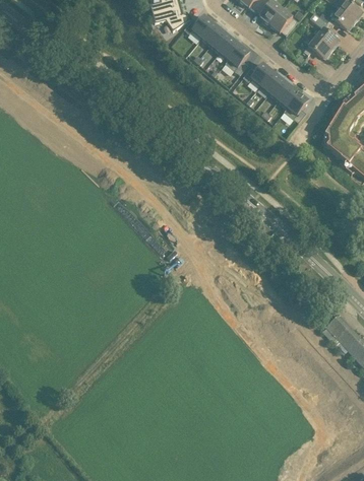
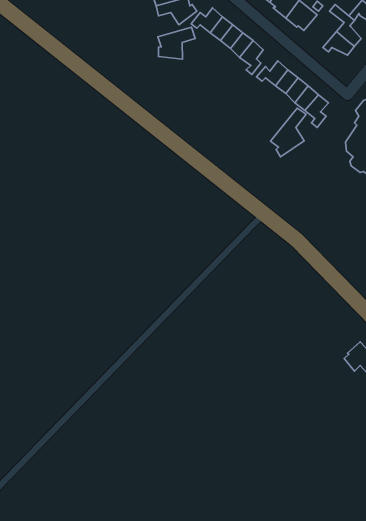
building: none -> [158,27,195,59]
building: none -> [271,108,306,157]

